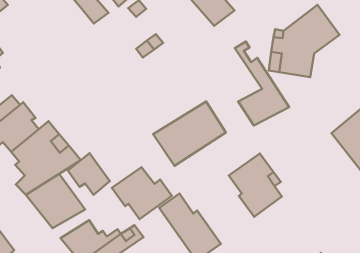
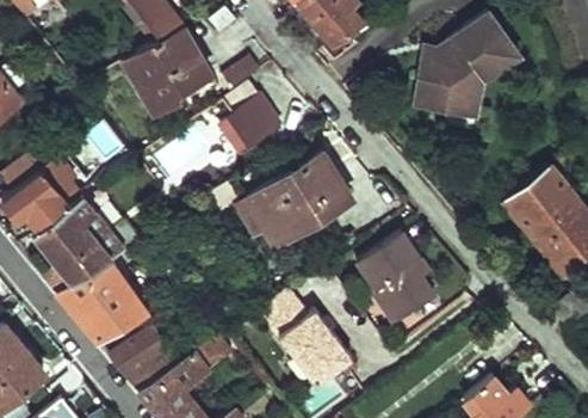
building: none -> [122,29,209,113]
building: [235,42,289,126] -> none
building: none -> [219,96,278,150]
building: [68,153,110,195] -> none
building: [112,167,172,219] -> none

